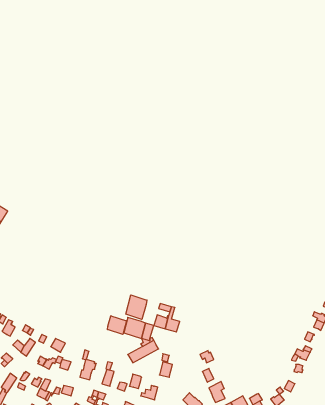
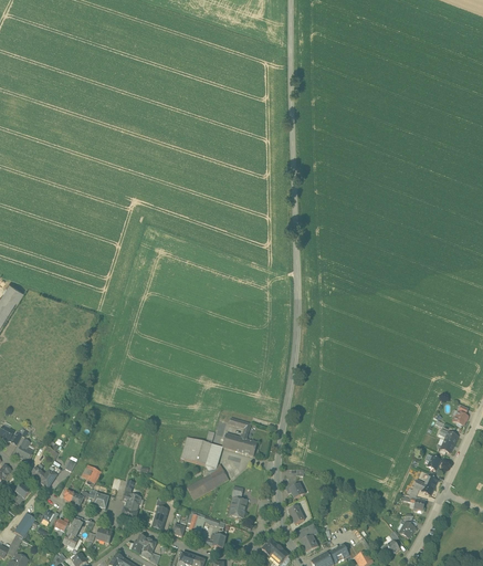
building: [126,295,147,319] -> none
building: [107,316,126,334] -> none

